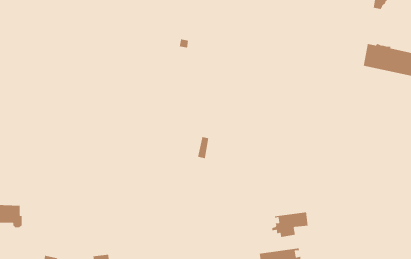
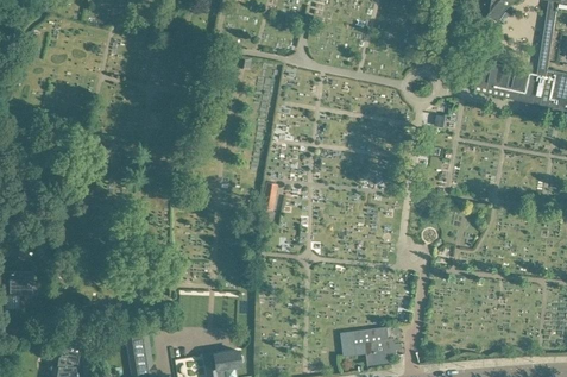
building: [271,212,309,238] -> none

